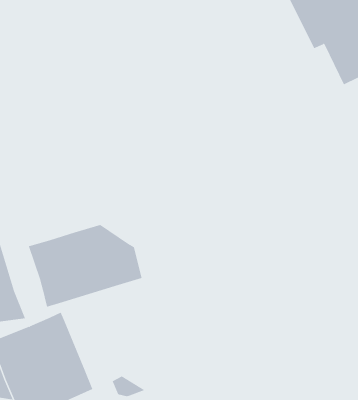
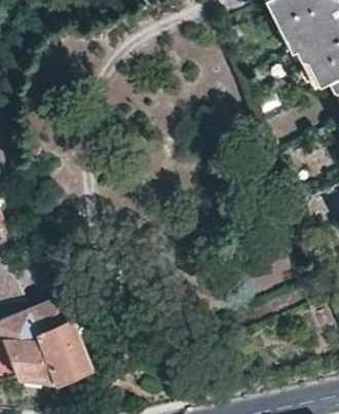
building: [28,224,142,307] -> none

